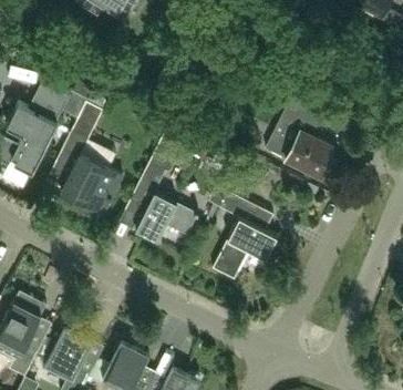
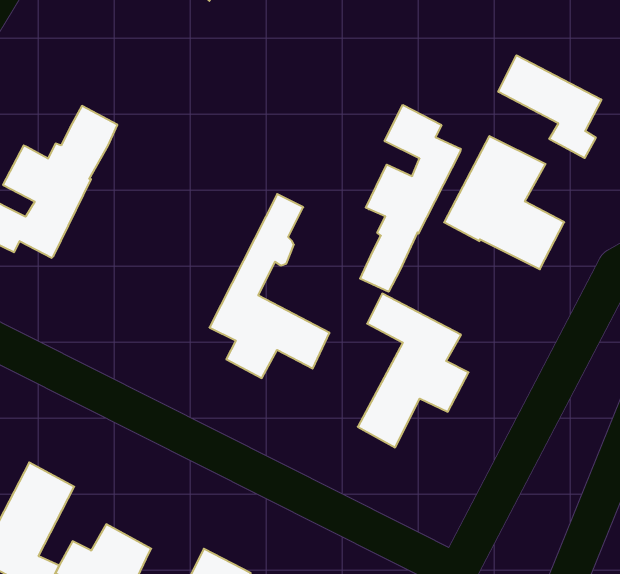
building: none -> [498,55,601,158]
building: none -> [360,105,461,292]
building: [56,101,123,208] -> none

